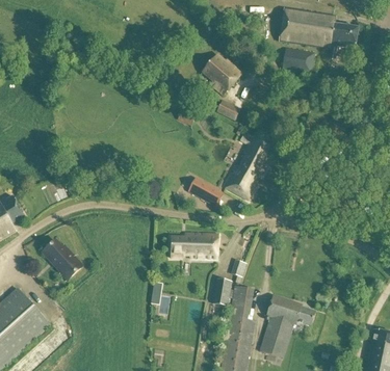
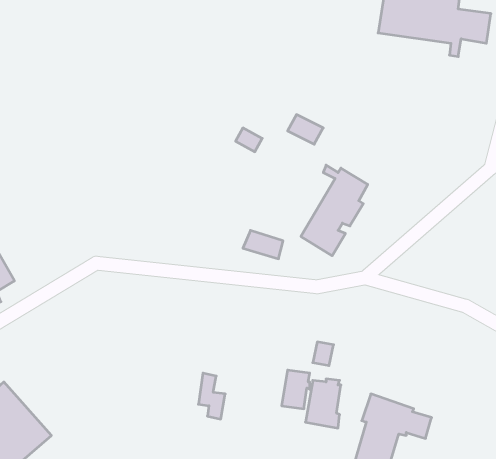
building: [281,47,314,73] -> none
building: [201,54,240,95] -> none
building: [171,233,218,258] -> none
building: [43,239,82,276] -> none

